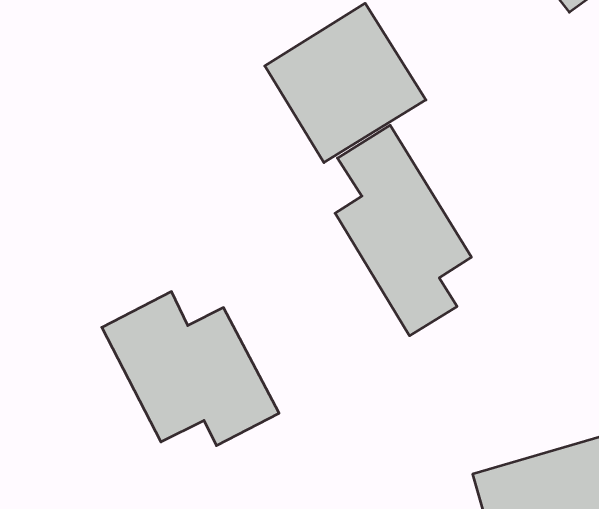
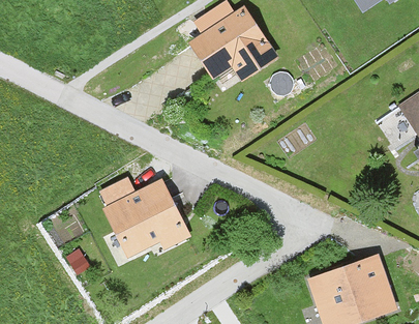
building: [335,125,471,336] -> none

